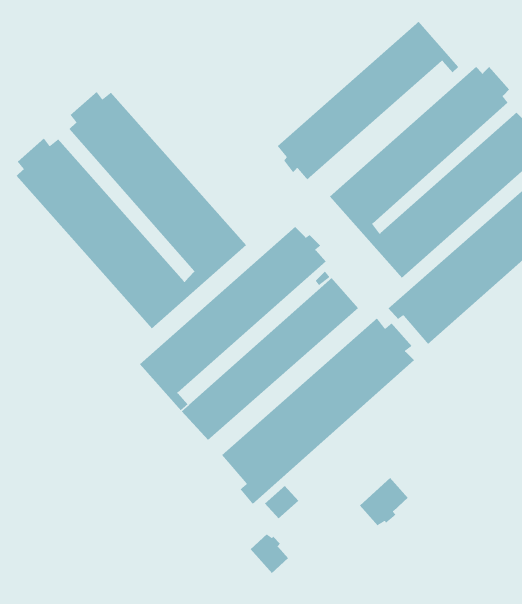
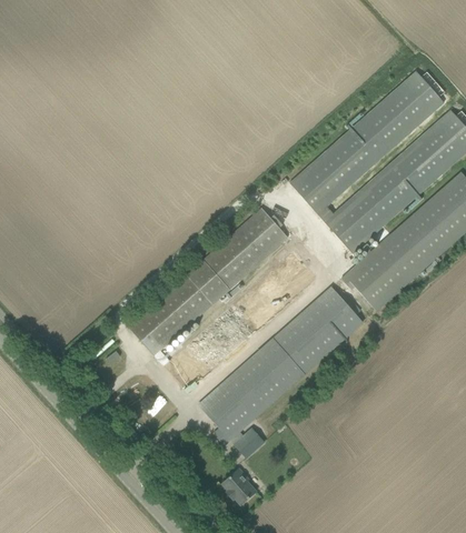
building: [277,21,459,180] -> none
building: [16,91,247,329] -> none
building: [359,477,408,526] -> none

